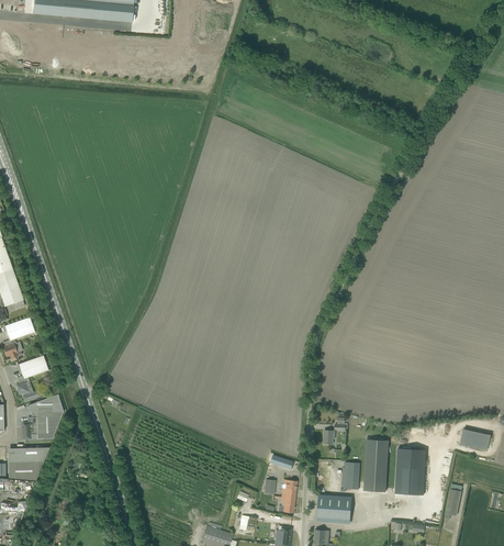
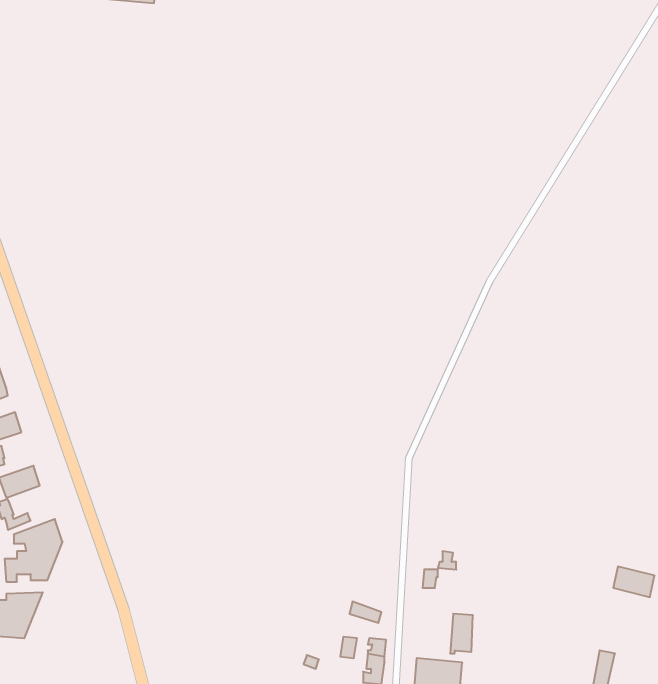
building: [362,441,388,491] -> none
building: [394,448,425,495] -> none

